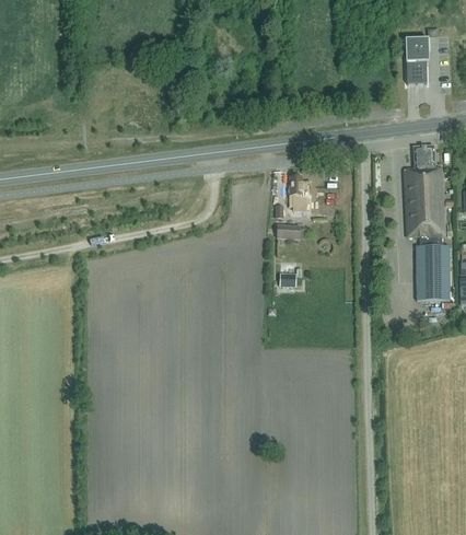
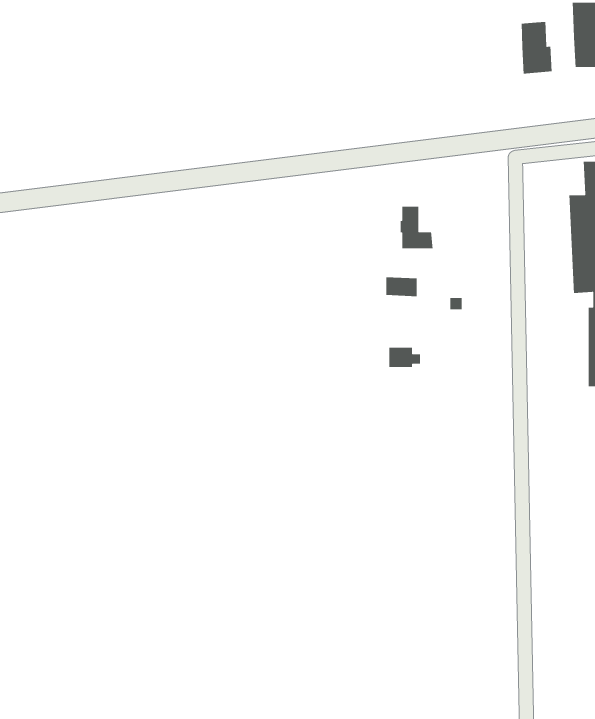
building: none -> [521,21,552,74]

